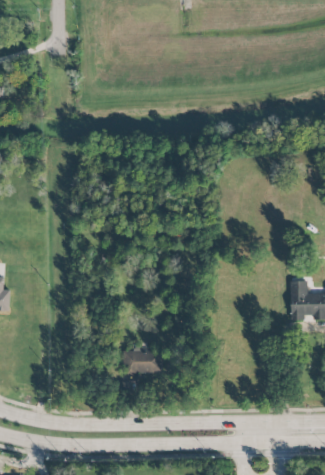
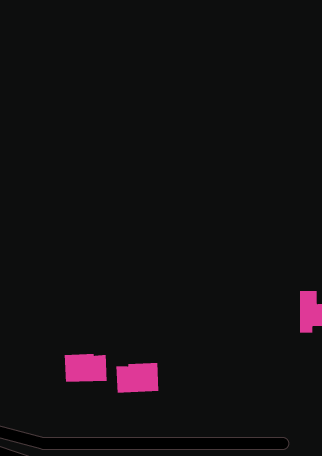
building: none -> [64,353,107,383]

